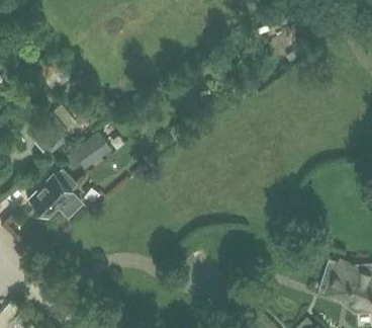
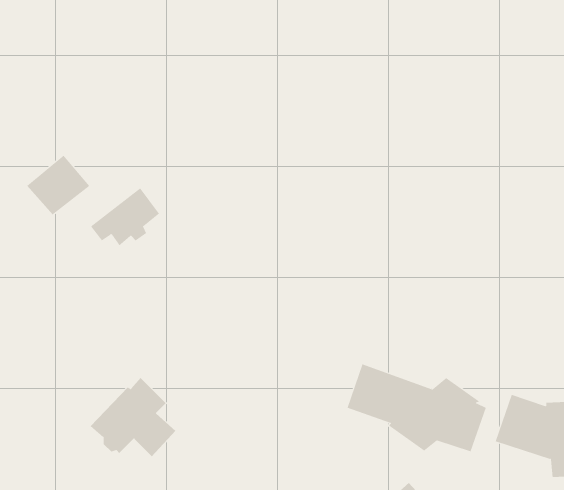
building: [30,169,84,219] -> [90,377,176,457]
building: none -> [347,363,486,452]

